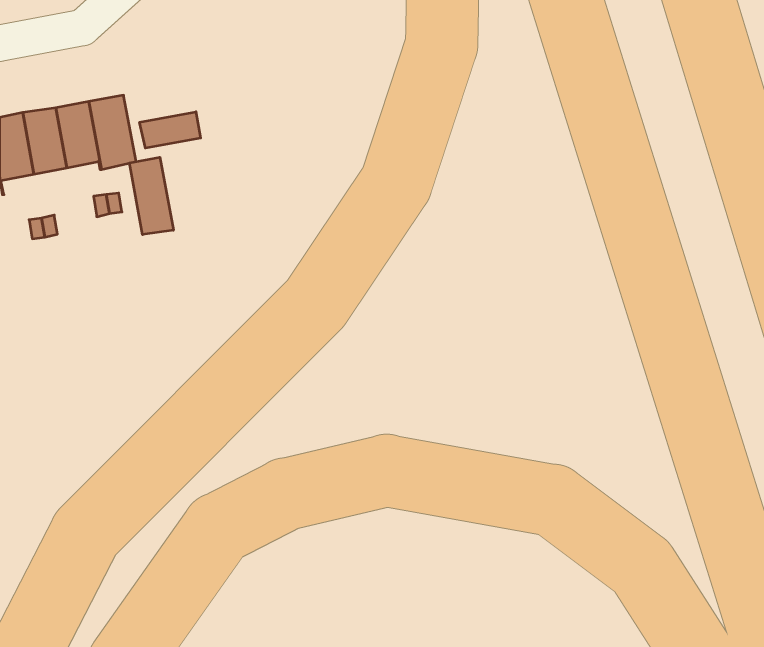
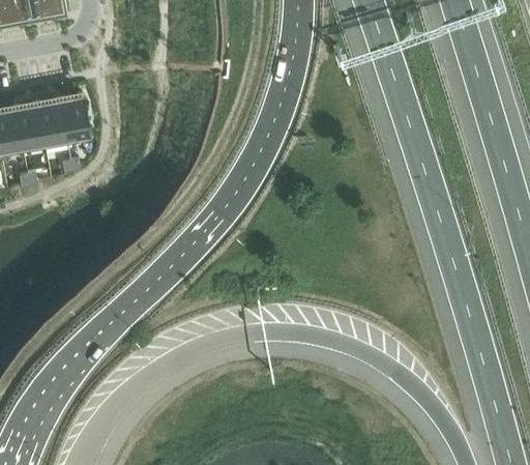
building: [140,112,201,148] -> none
building: [130,157,173,235] -> none

